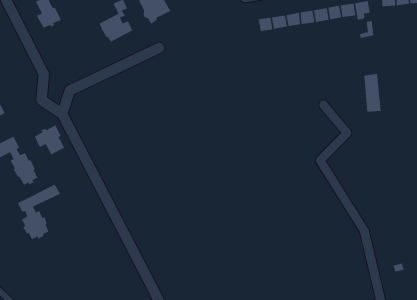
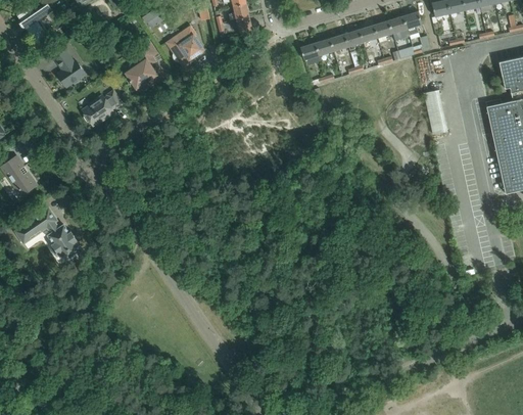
building: none -> [83,91,123,126]
building: [34,125,65,155] -> none
building: [17,184,61,240] -> none

